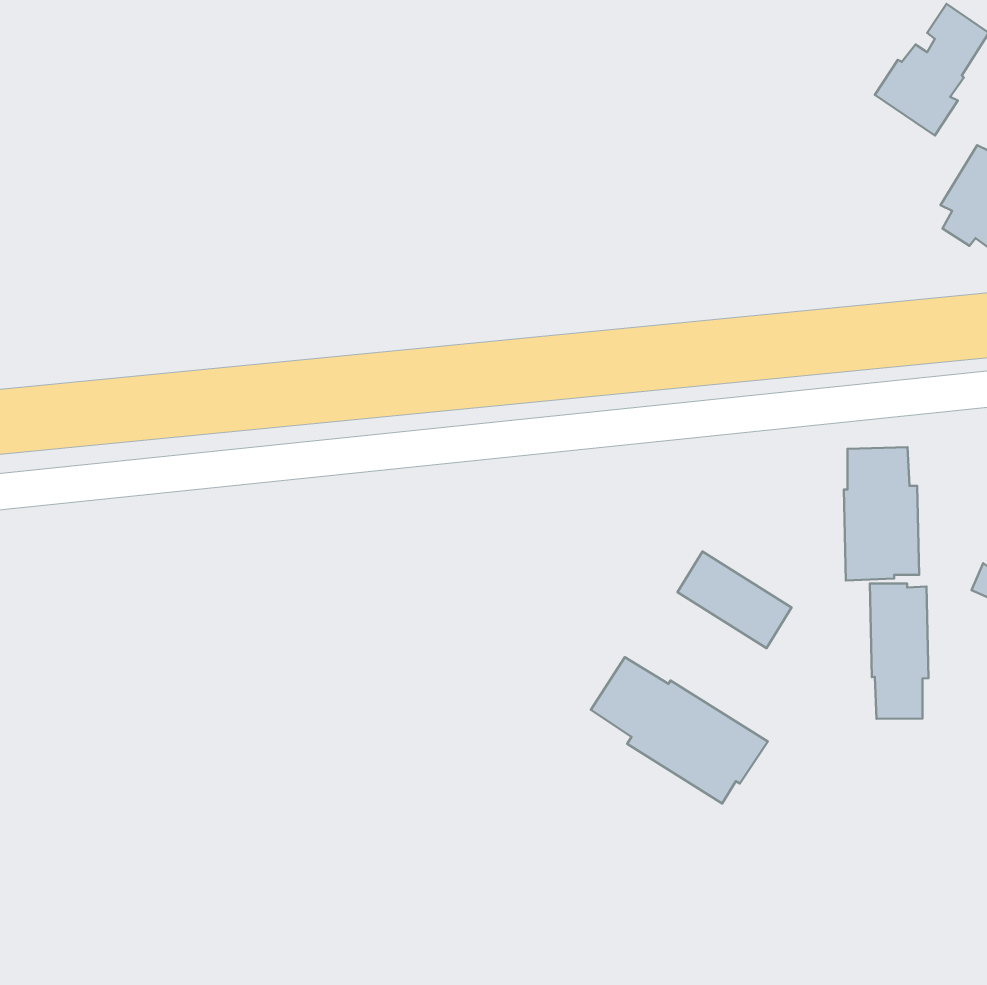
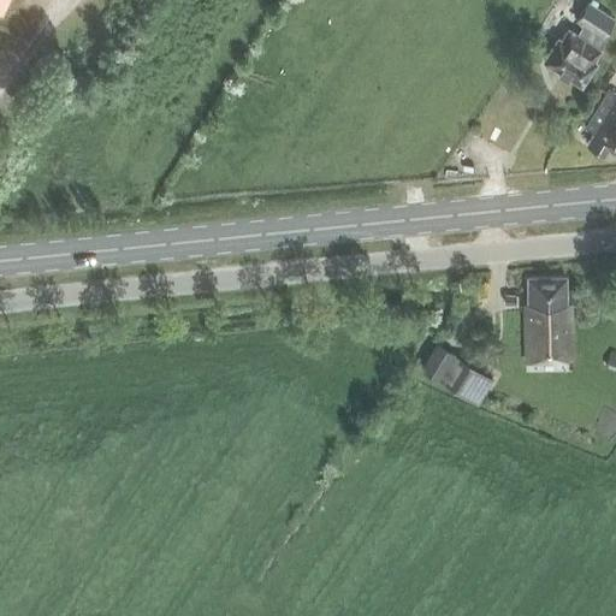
building: [870,583,929,719] -> none
building: [591,657,768,804] -> none

